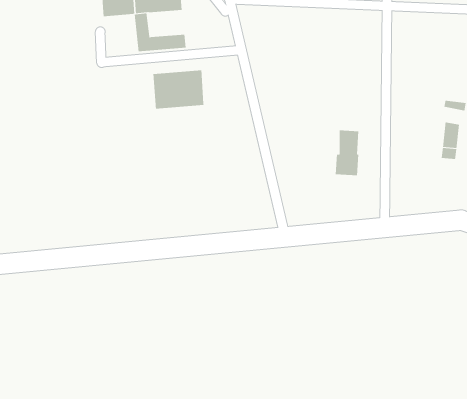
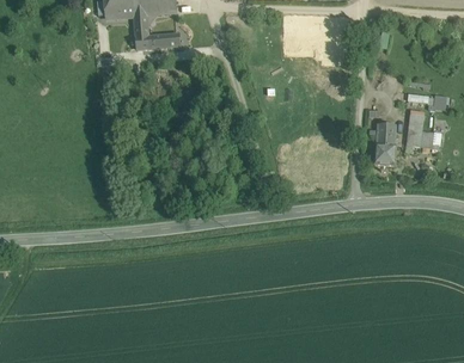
building: [153,69,204,109] -> none
building: [335,130,359,176] -> [372,123,393,164]

